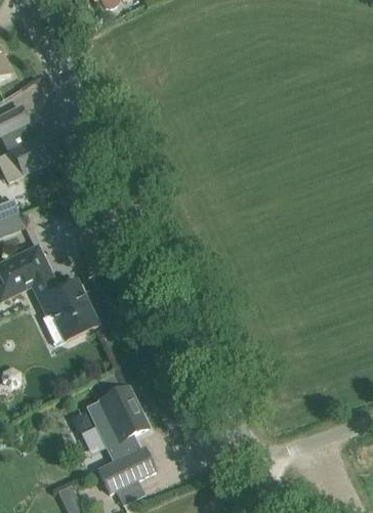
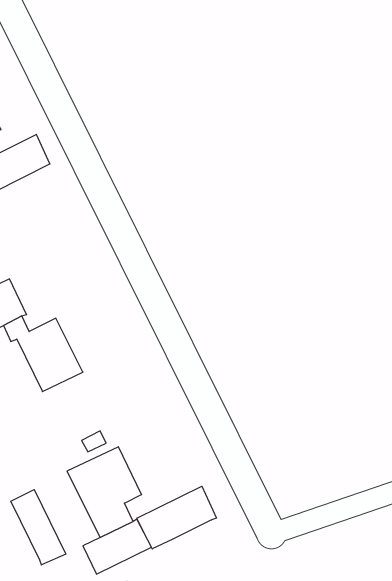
building: none -> [137,486,217,549]
building: none -> [11,490,66,565]

